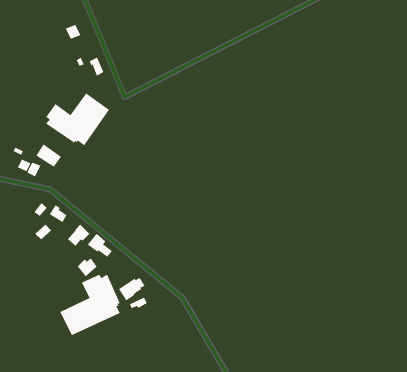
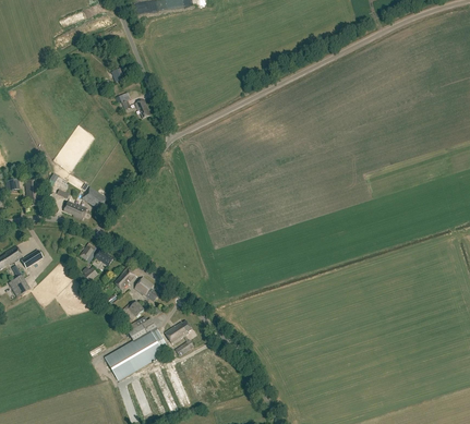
building: [45,92,110,146] -> none

